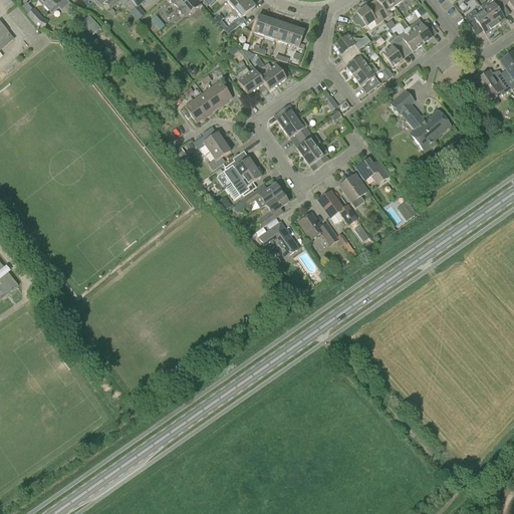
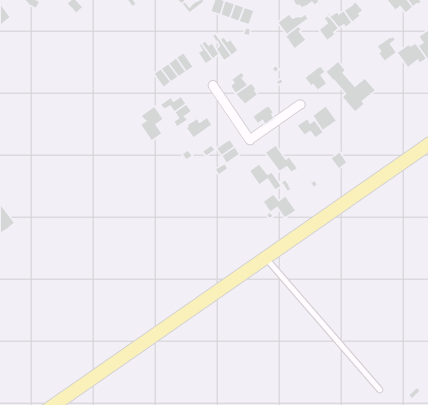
building: none -> [377,36,397,62]
building: [352,61,379,90] -> [304,66,327,90]
building: [293,130,321,156] -> none
building: none -> [140,106,164,141]
building: [232,166,261,194] -> none
building: [338,172,367,202] -> [313,106,337,131]
building: [258,227,298,256] -> [263,194,296,218]

